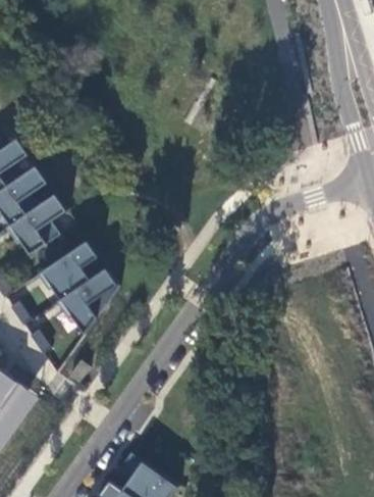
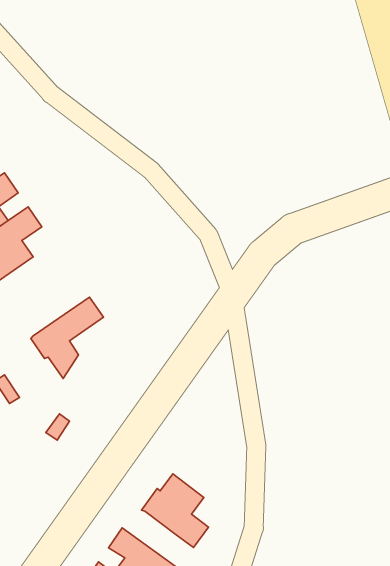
building: [39,239,99,298] -> none
building: none -> [142,474,209,548]

